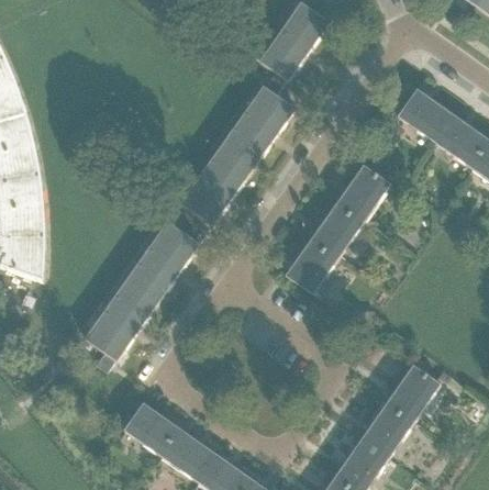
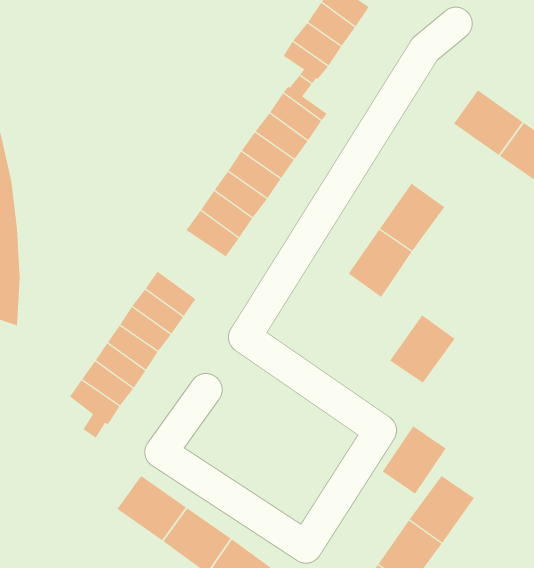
building: [156,220,199,258] -> none
building: [285,237,338,293] -> [389,315,456,384]
building: [387,364,440,420] -> [382,426,447,495]

